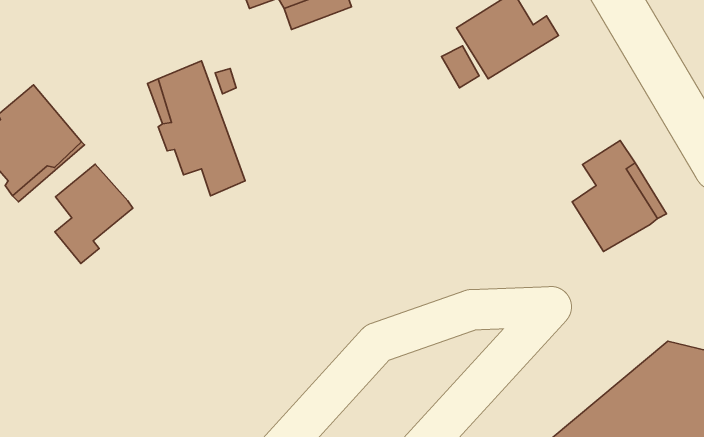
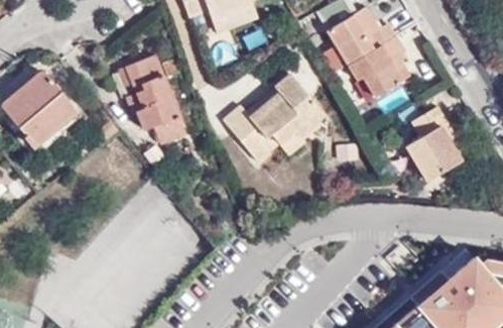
building: none -> [350,38,410,100]
building: none -> [224,69,326,162]
building: [55,164,133,263] -> none

